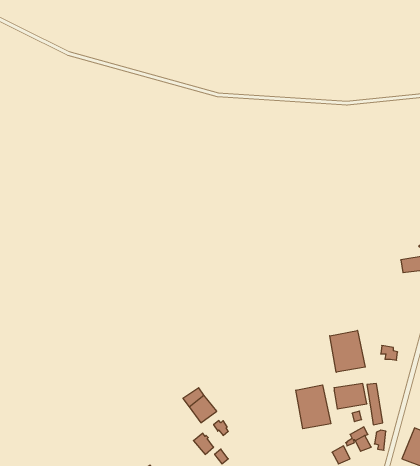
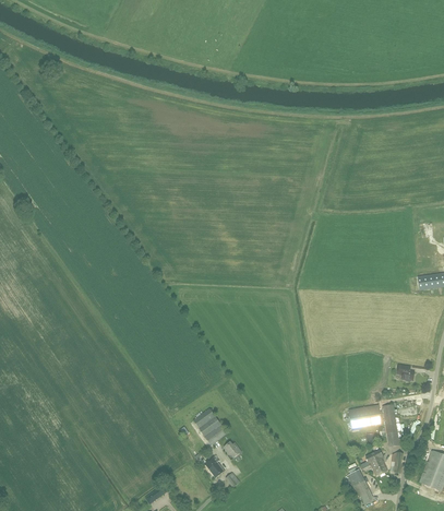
building: [330,330,365,372] -> none
building: [296,385,331,429] -> none

